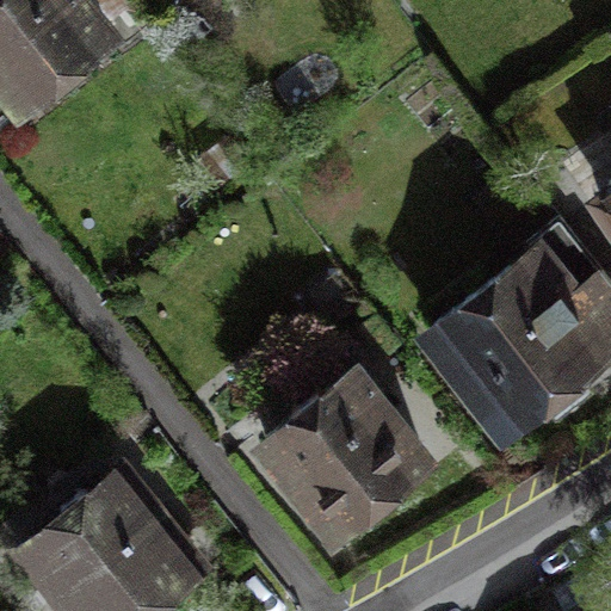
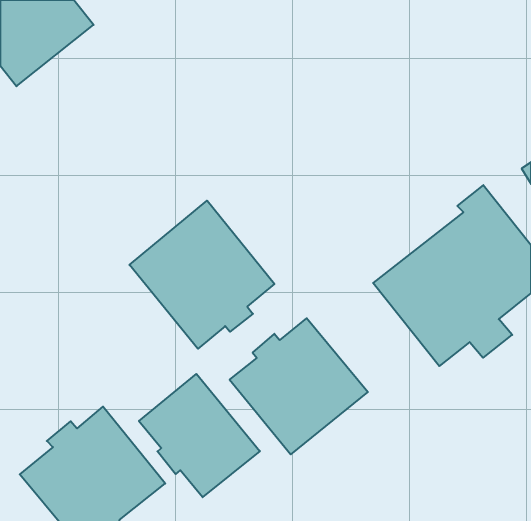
building: none -> [129,201,274,349]
building: none -> [139,374,260,497]

